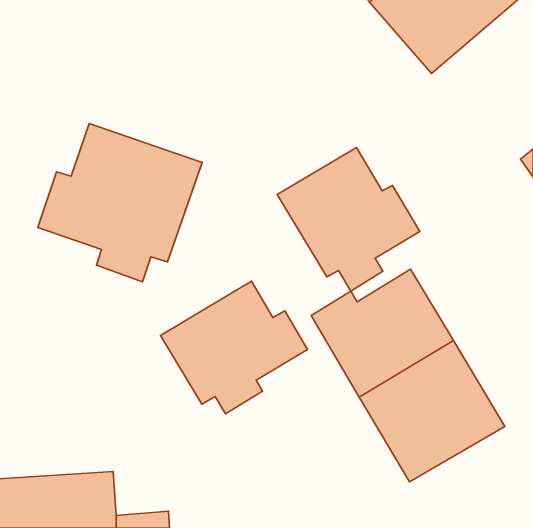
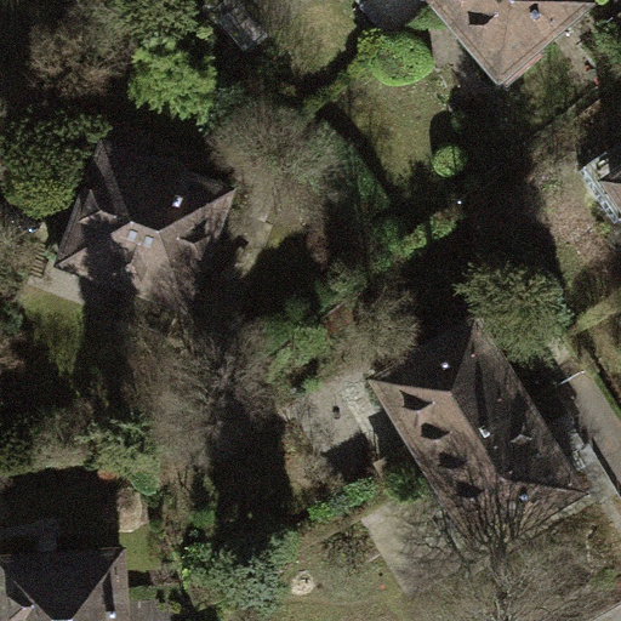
building: [277,148,420,291] -> none
building: [160,281,307,414] -> none

